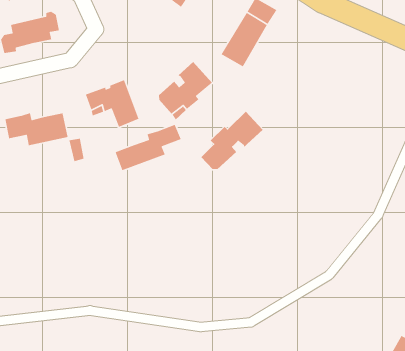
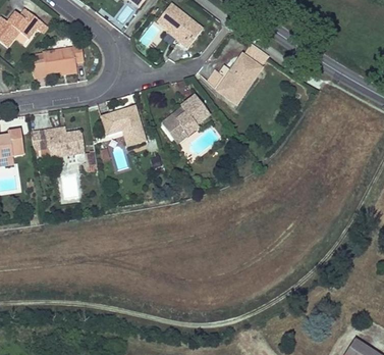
building: [200,111,263,170] -> none
building: [115,124,182,171] -> none

